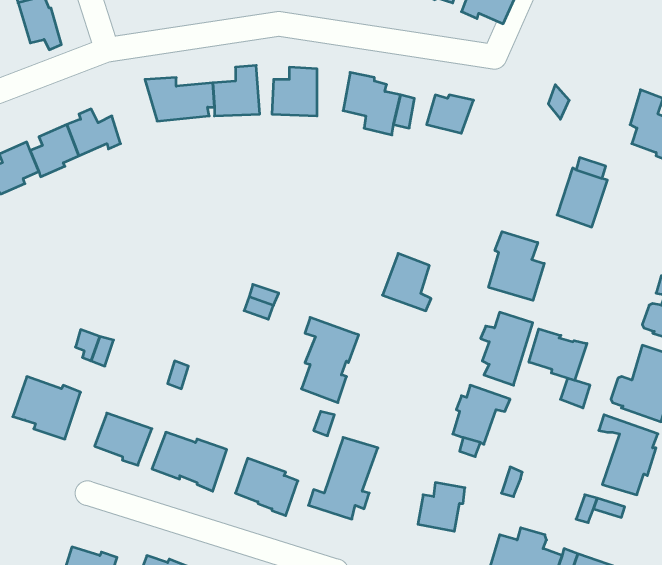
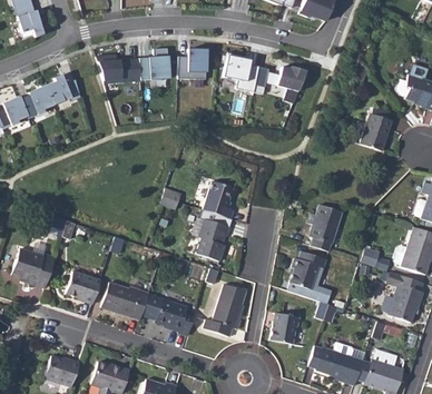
building: [489,232,544,300] -> none
building: [382,253,431,311] -> [202,181,233,218]
building: [529,329,587,380] -> none

